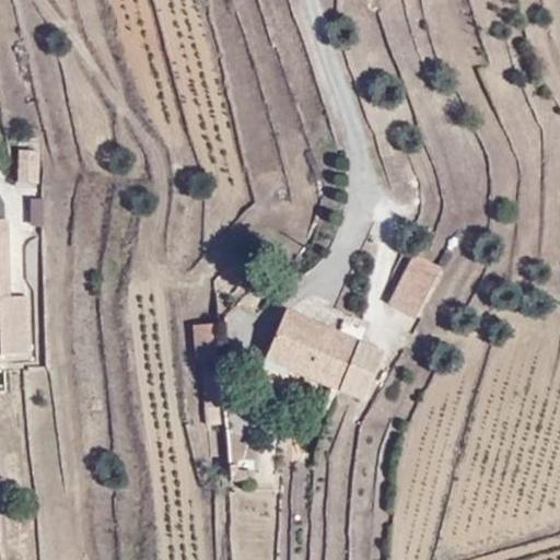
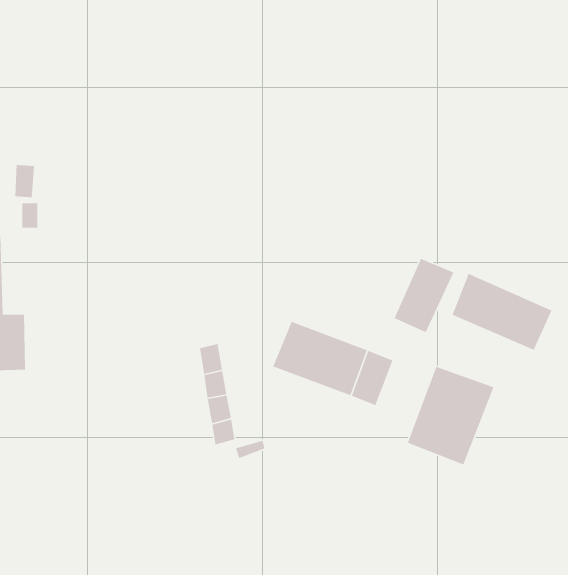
building: none -> [452,273,553,351]
building: none -> [407,366,495,466]

